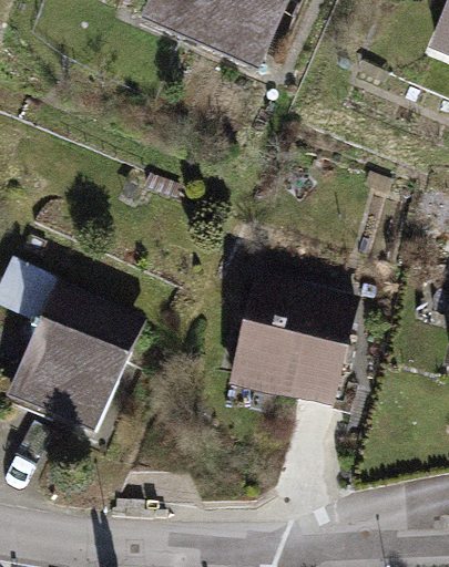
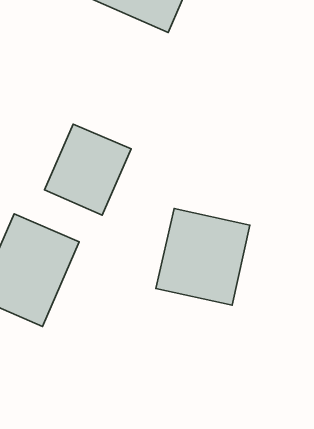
building: none -> [44,124,131,215]

